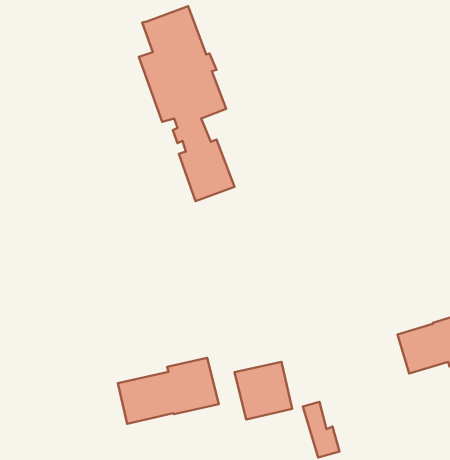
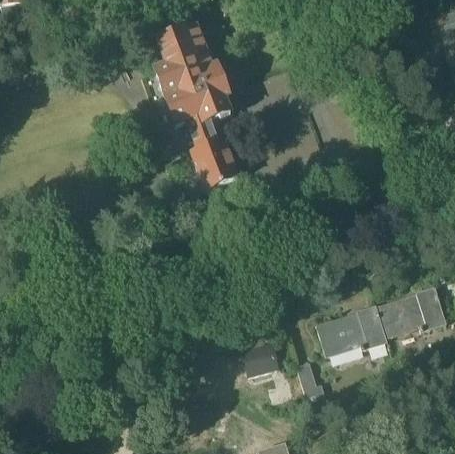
building: none -> [316,305,387,358]
building: [118,358,219,424] -> none

